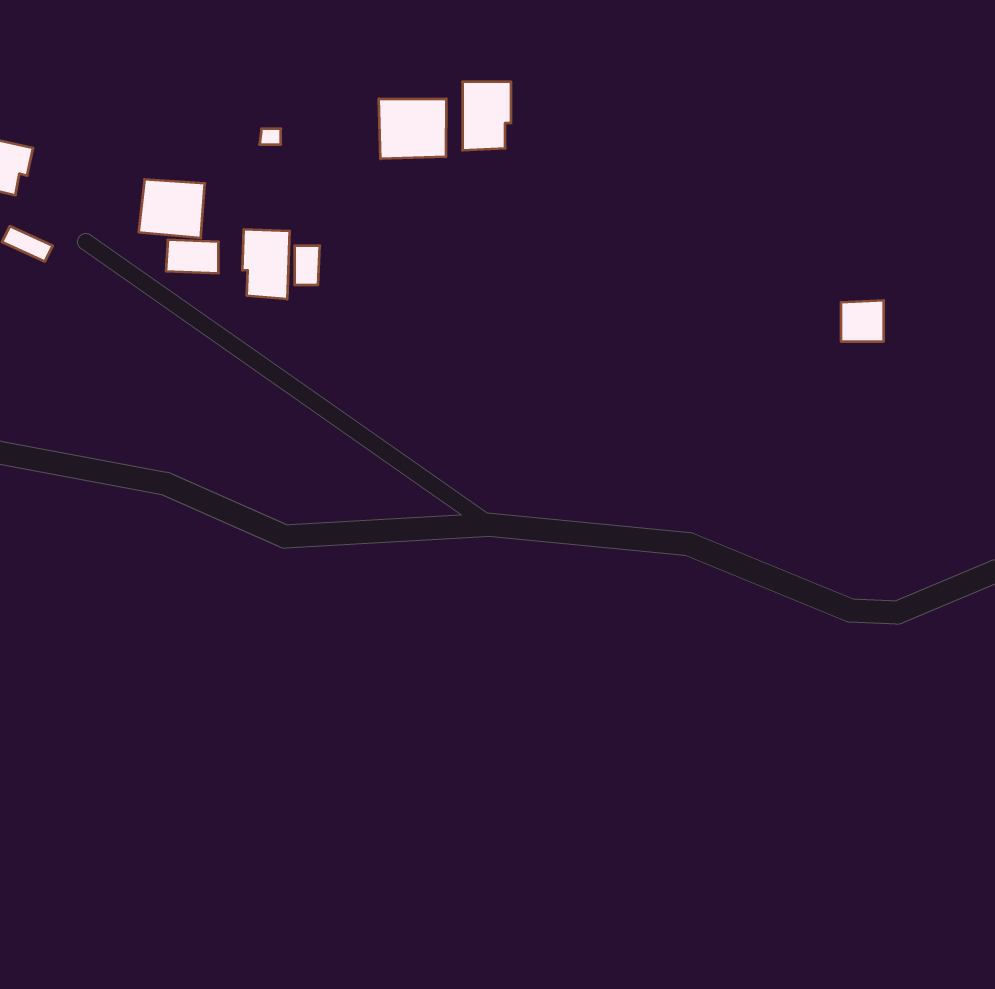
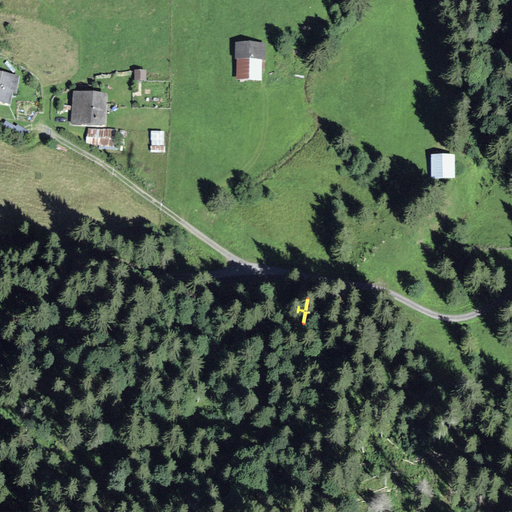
building: [379,99,446,159] -> none
building: [242,229,290,299] -> none

